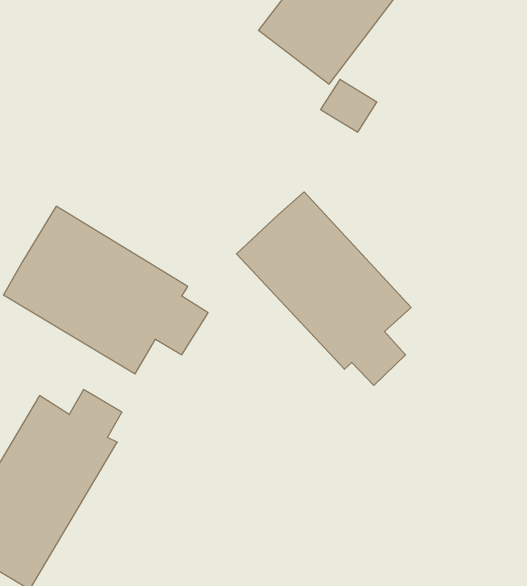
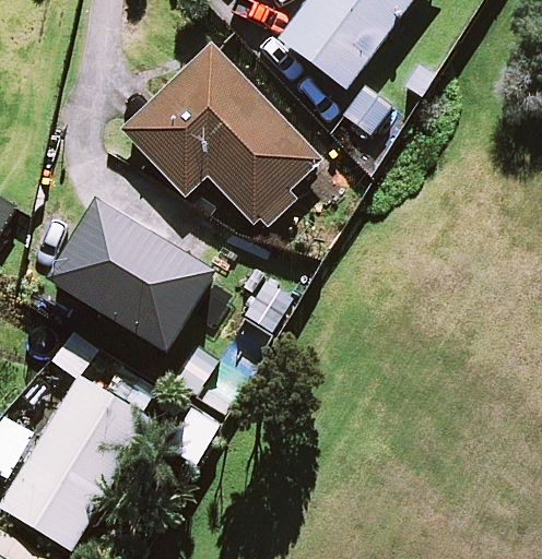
building: none -> [121,45,320,226]
building: [236,192,411,385] -> none

